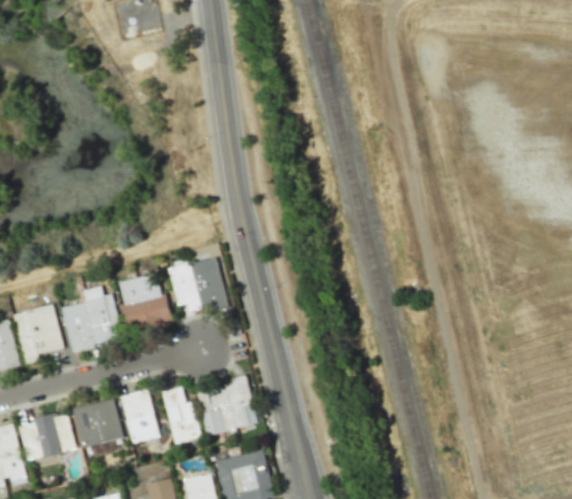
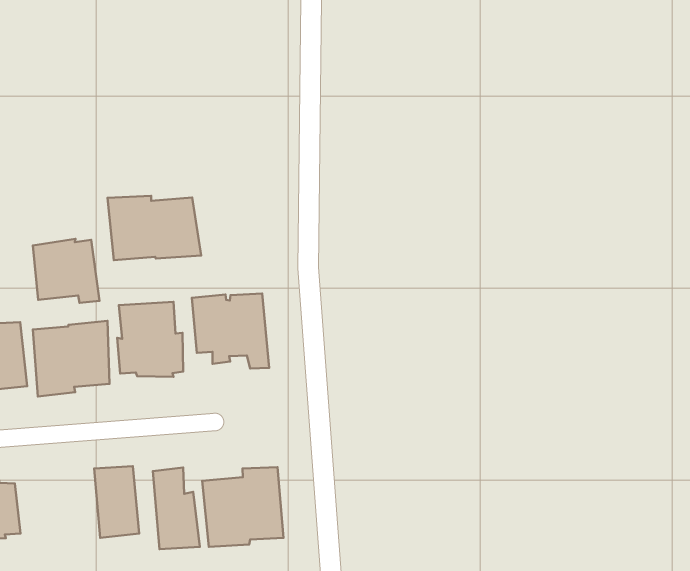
building: none -> [107,196,201,260]
building: none -> [33,239,99,303]
building: [73,399,123,449] -> none

